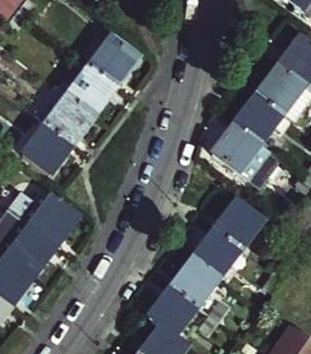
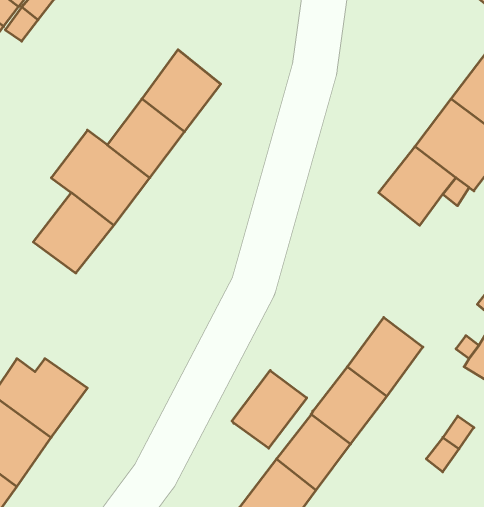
building: [212,123,270,180] -> none
building: [7,187,77,243] -> none
building: none -> [232,370,307,448]

